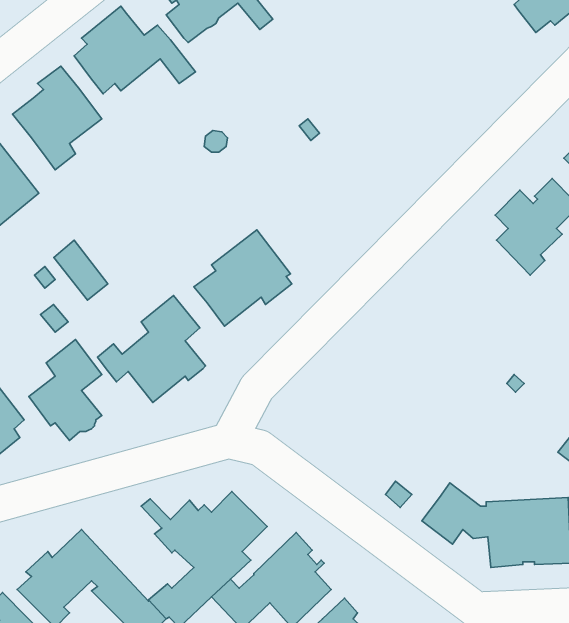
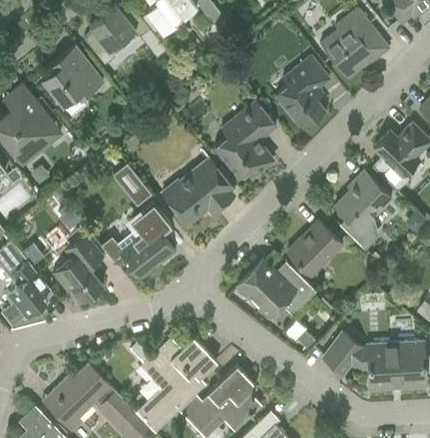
building: none -> [320,9,389,78]
building: none -> [276,56,330,127]
building: none -> [213,102,276,177]
building: [54,240,108,300] -> [114,166,151,207]
building: none -> [335,171,392,248]
building: none -> [287,222,342,277]
building: none -> [238,260,316,317]

